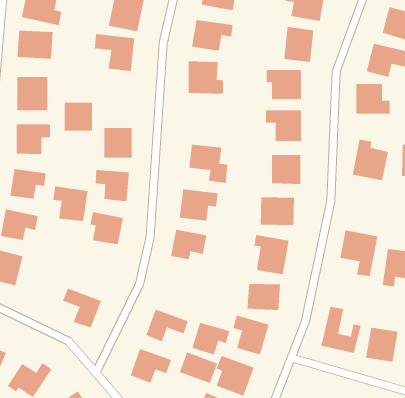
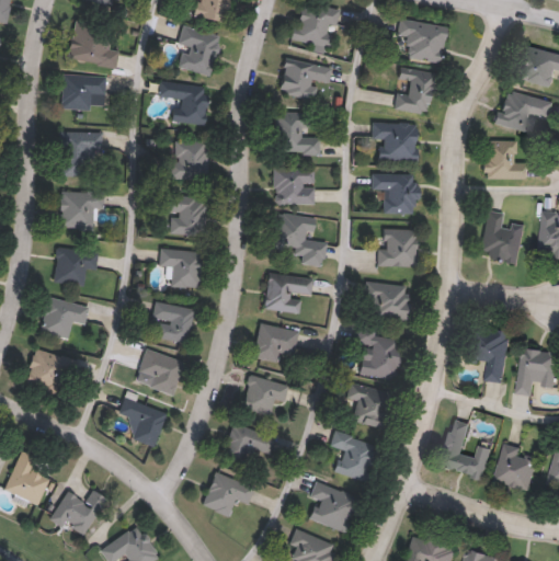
building: [64,102,93,131] -> [171,142,207,179]
building: none -> [273,168,315,205]
building: [53,186,88,222] -> none
building: none -> [138,348,184,396]
building: [192,322,230,355] -> [240,375,288,416]
building: [179,352,218,384] -> none

